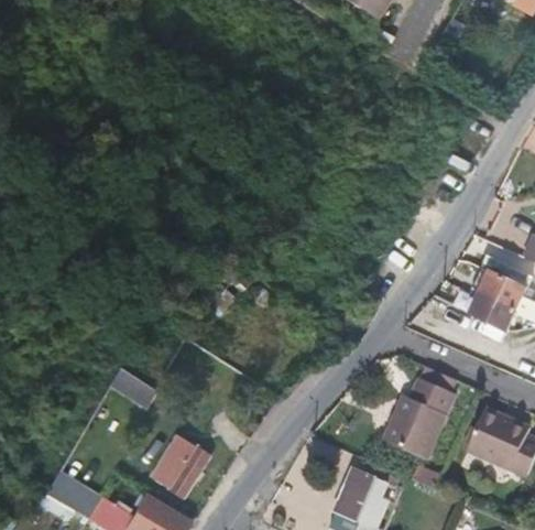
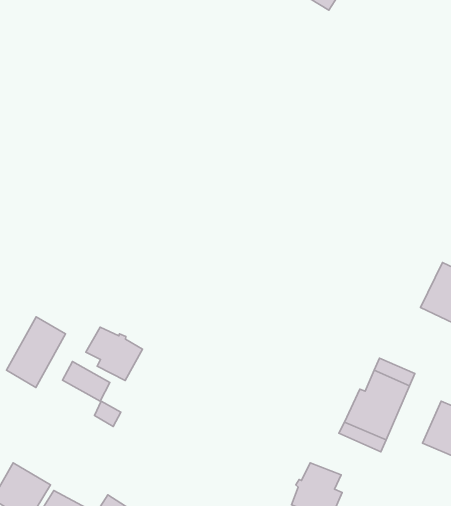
building: none -> [6,317,66,387]
building: none -> [86,327,143,381]
building: [146,435,205,496] -> none

